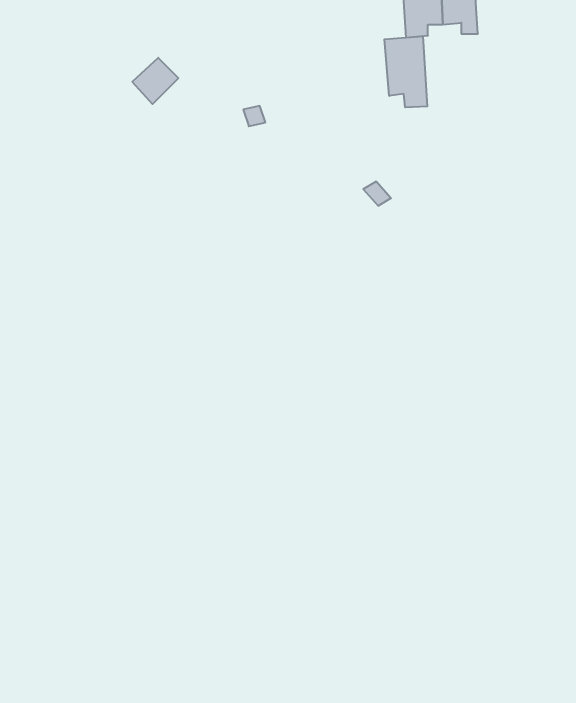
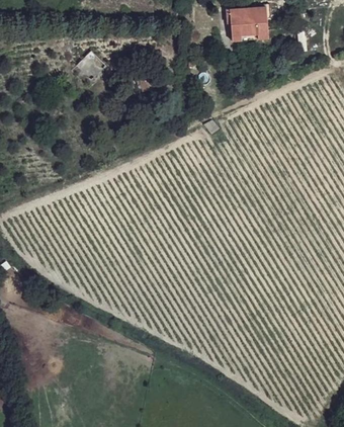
building: [384,36,427,107] -> none

